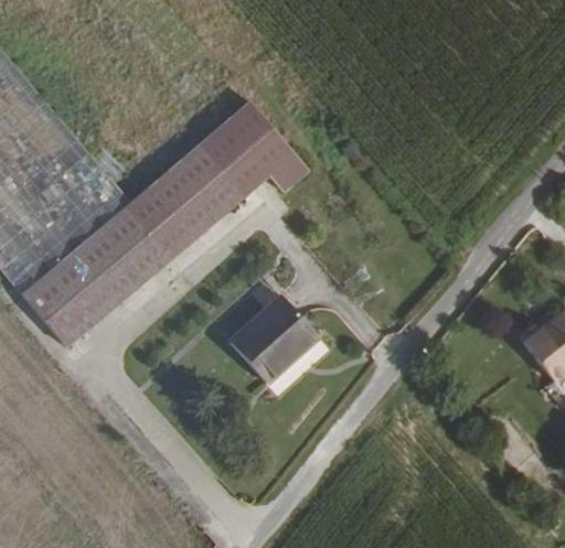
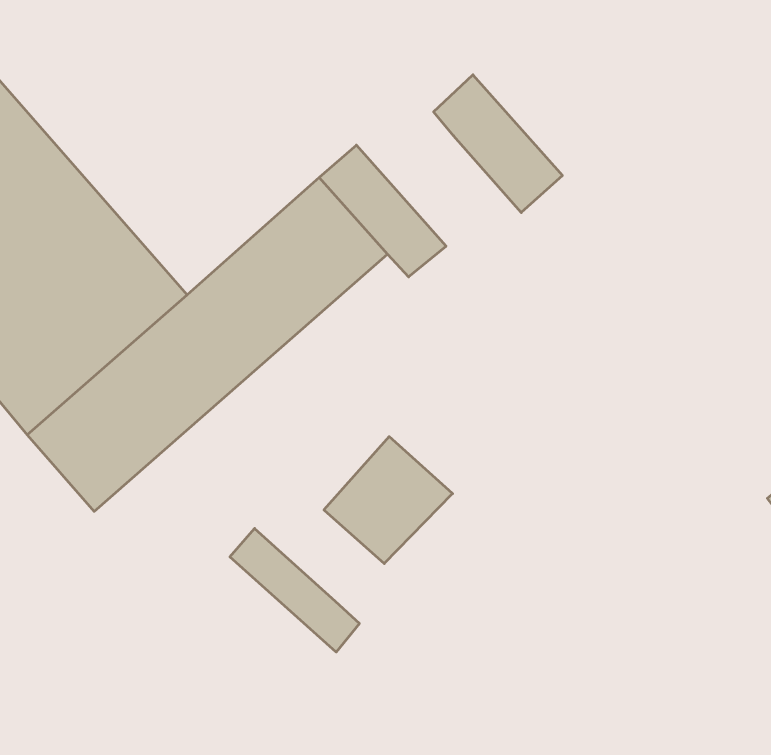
building: none -> [434,75,562,213]
building: none -> [230,528,359,652]

